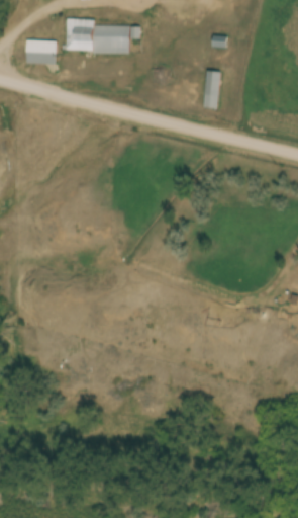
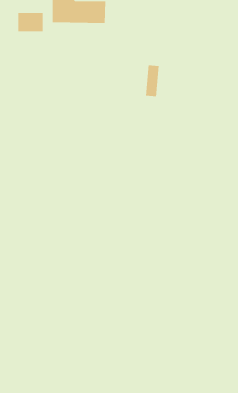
building: [203,70,220,108] -> [145,65,160,97]

